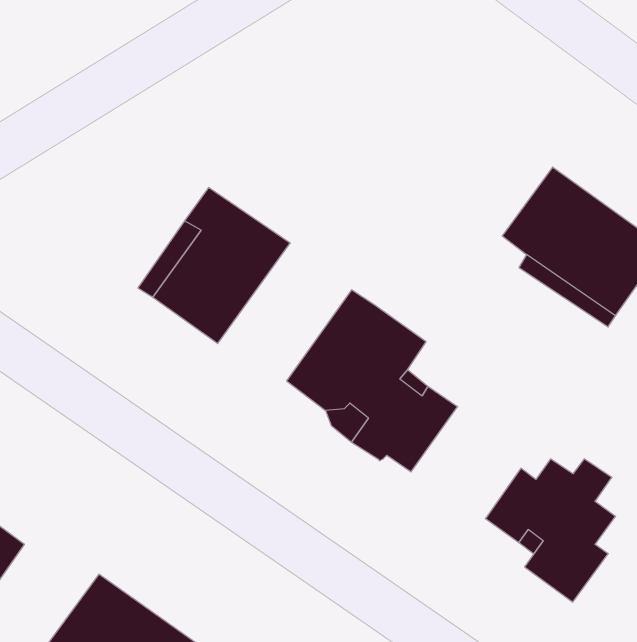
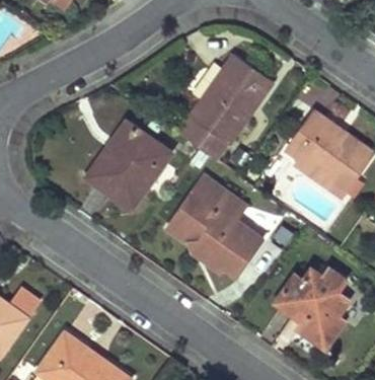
building: none -> [178,56,273,161]

